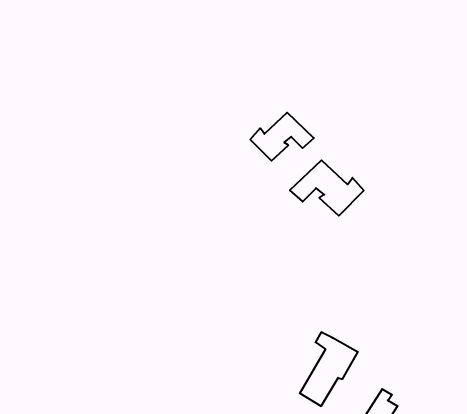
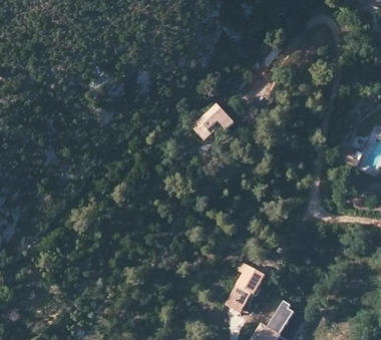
building: [290,160,364,216] -> none

